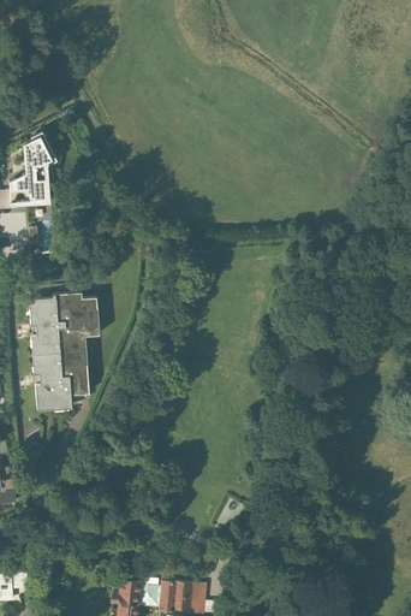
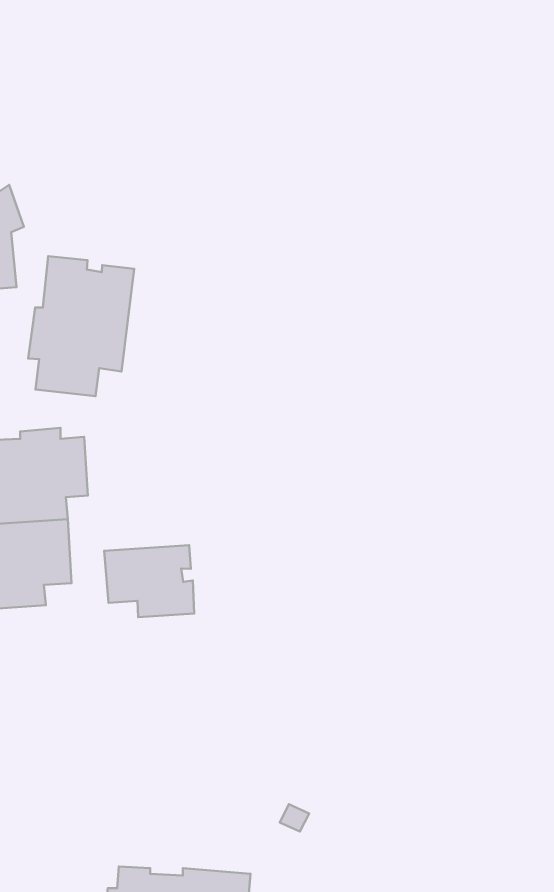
building: none -> [28,256,134,396]
building: none -> [104,545,194,617]

